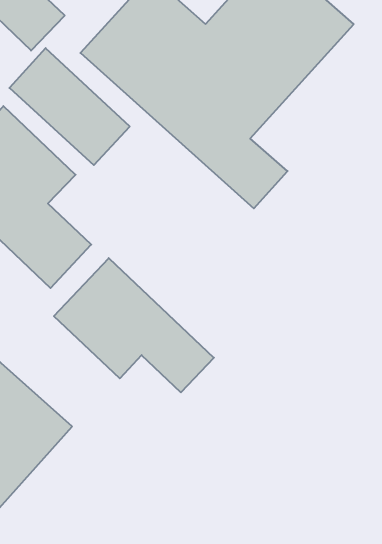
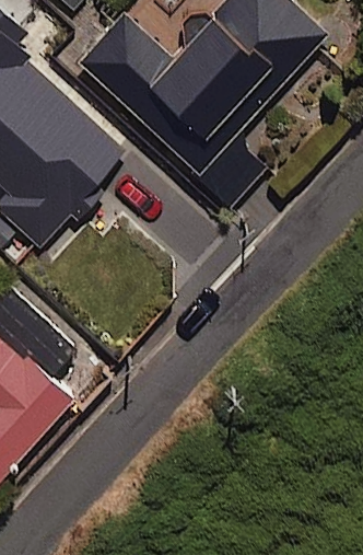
building: [54,258,214,392] -> none

